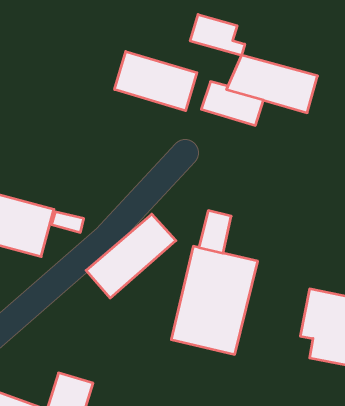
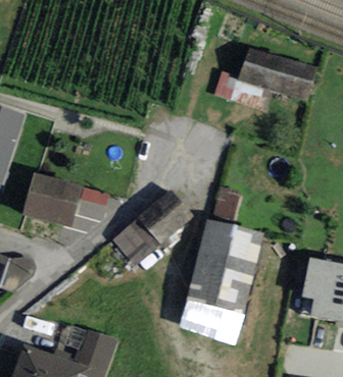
building: [190,14,245,56] -> none
building: [115,51,197,111] -> none
building: none -> [178,301,243,345]

